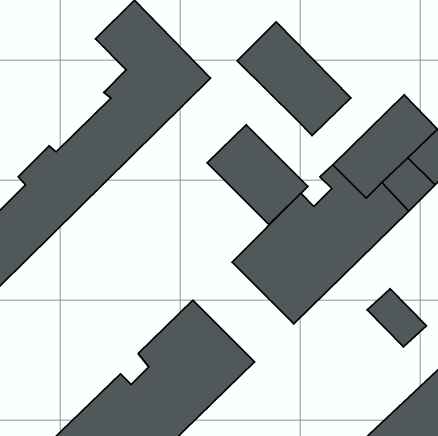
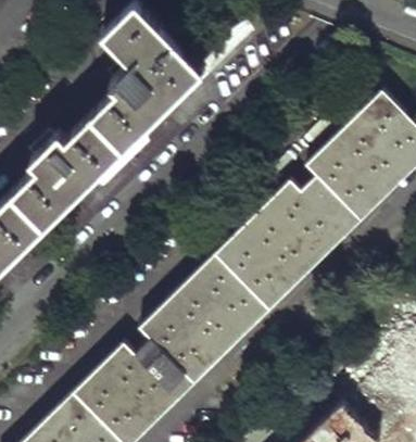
building: [237,22,351,136] -> none
building: [207,125,308,224] -> [189,242,281,333]
building: [367,289,426,347] -> none

